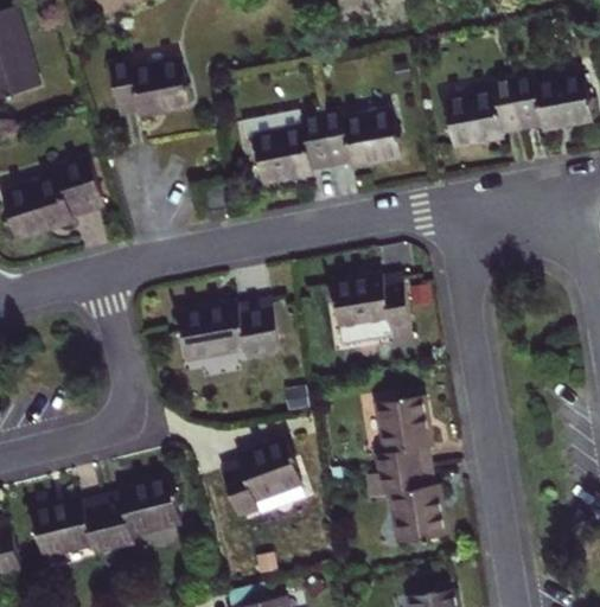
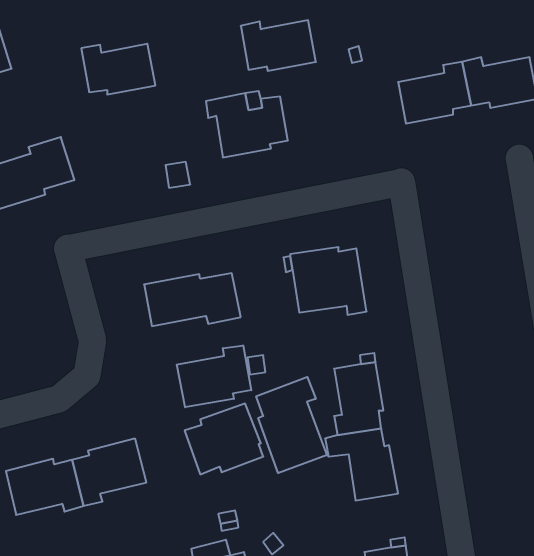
building: [320,114,400,167] -> [241,20,316,71]
building: none -> [177,345,251,407]
building: none -> [256,377,327,473]

